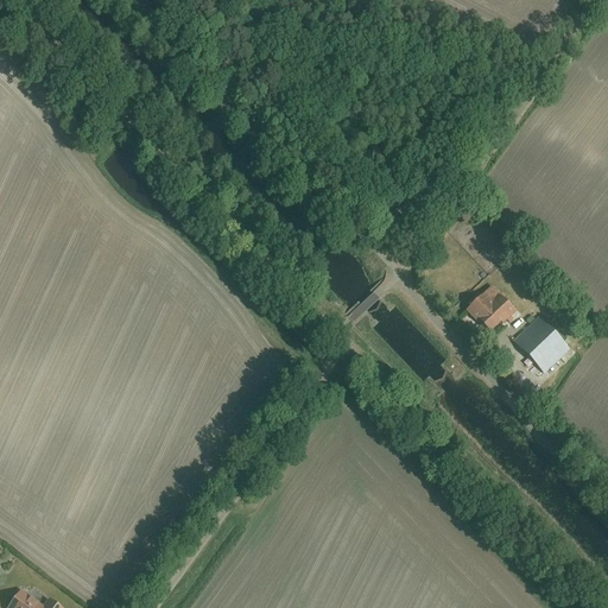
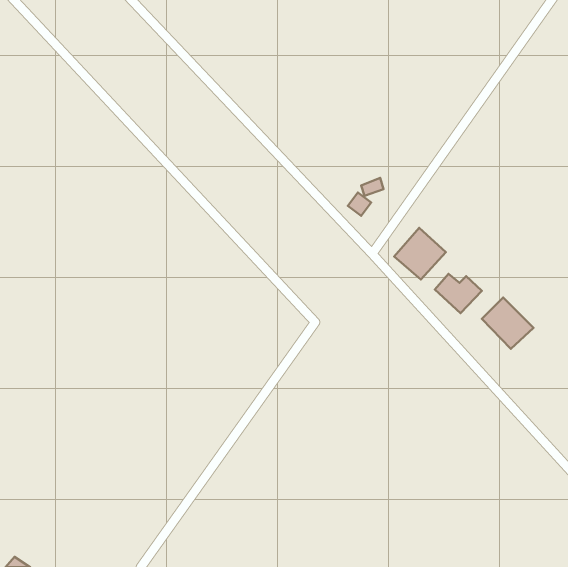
building: none -> [394,228,446,280]

